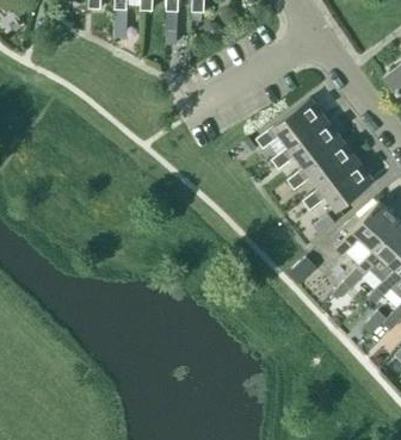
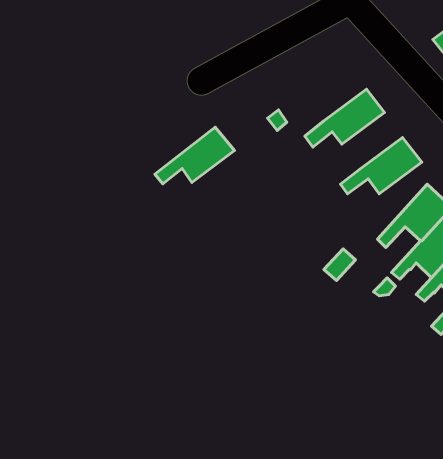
building: [257,98,326,147] -> [155,127,235,184]
building: [288,138,357,188] -> none

